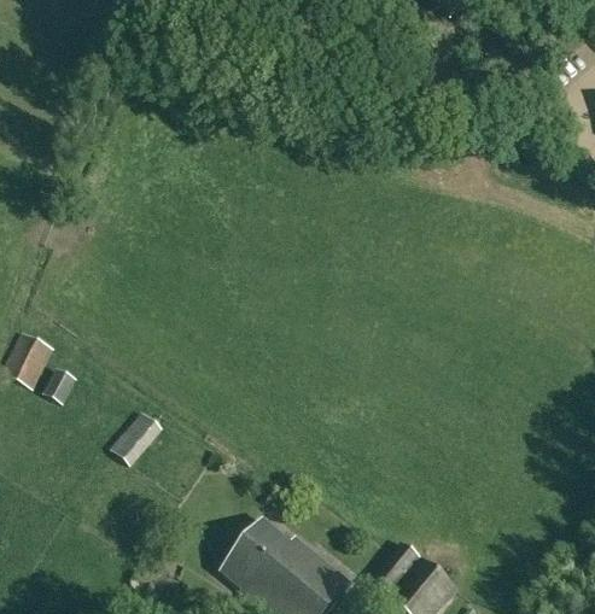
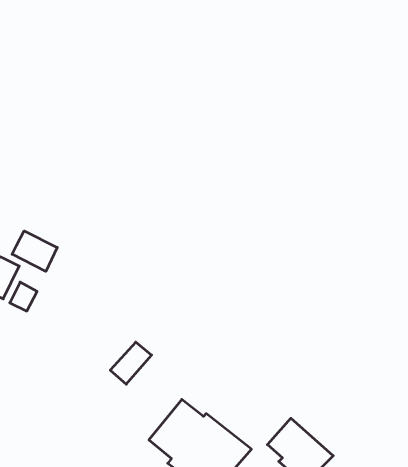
building: none -> [12,231,57,271]
building: [110,411,163,466] -> [110,342,152,384]

